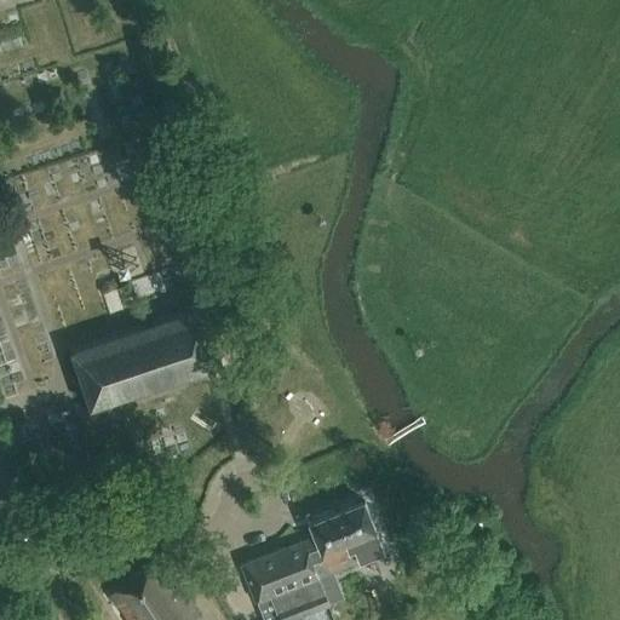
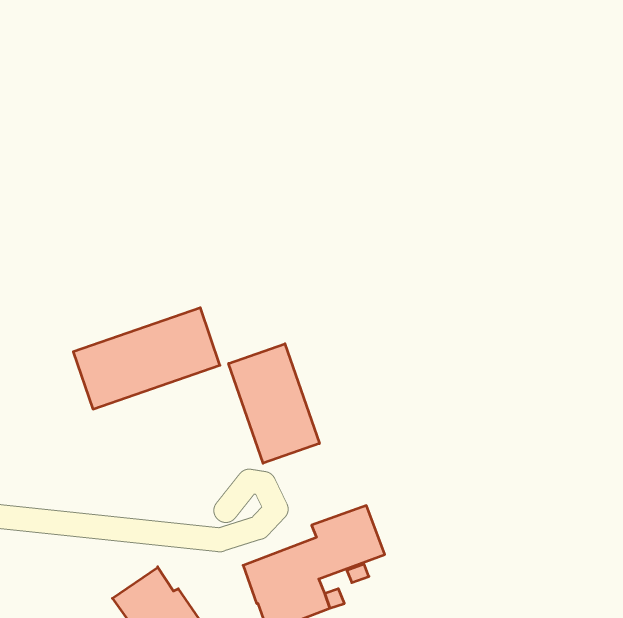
building: none -> [229,344,319,463]

